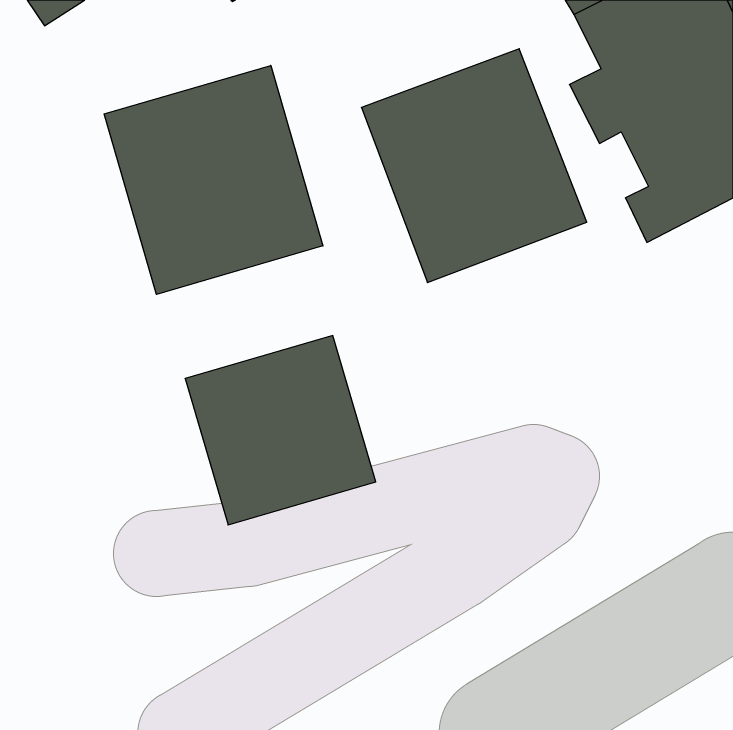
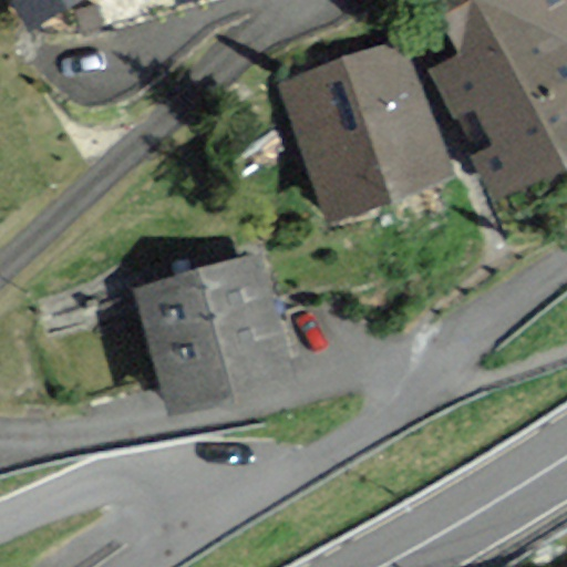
building: [104,65,323,294] -> none

